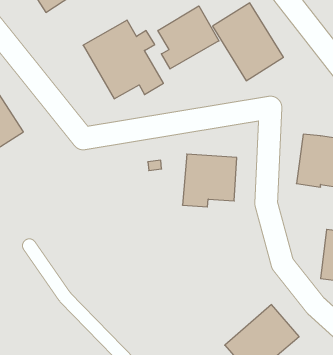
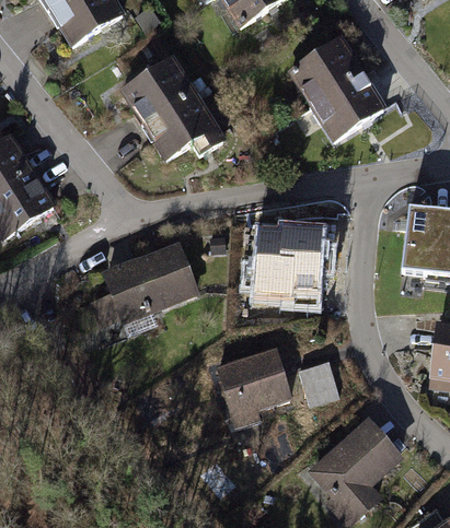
building: [158,6,219,69] -> none
building: none -> [89,244,197,335]
building: none -> [212,351,289,433]
building: none -> [295,360,343,409]

